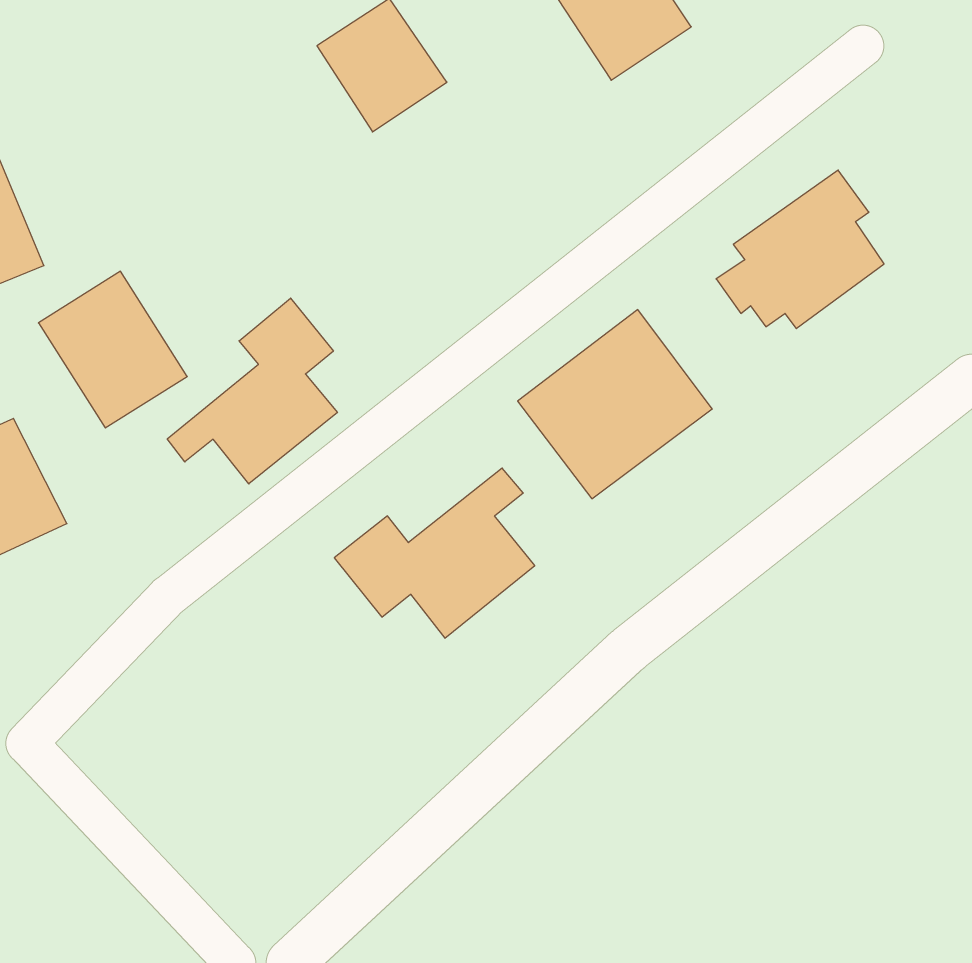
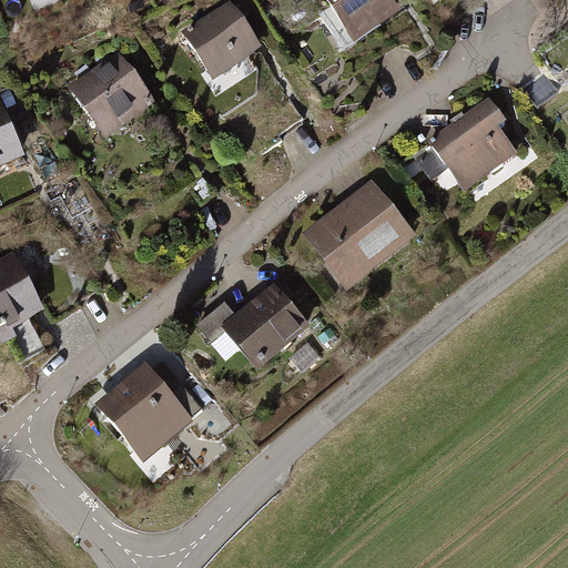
building: [38,271,187,428] -> [67,44,153,135]
building: [167,298,337,484] -> none
building: none -> [95,363,201,459]

